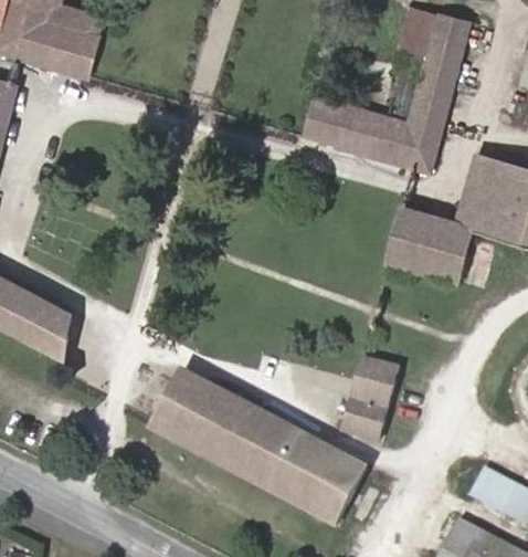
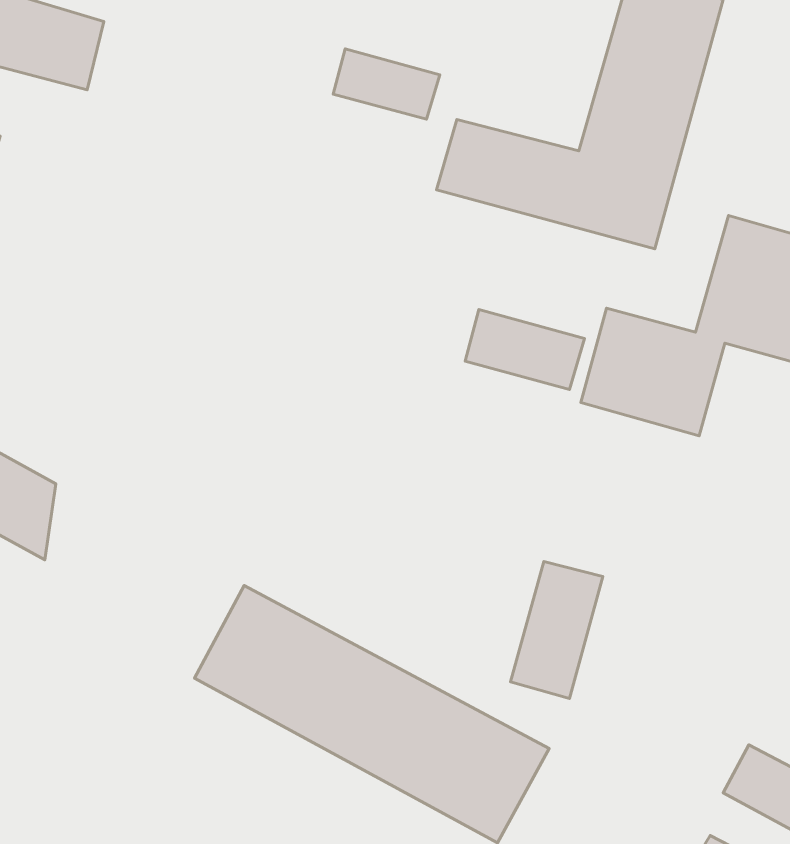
building: none -> [333,49,440,119]
building: none -> [465,309,585,389]

